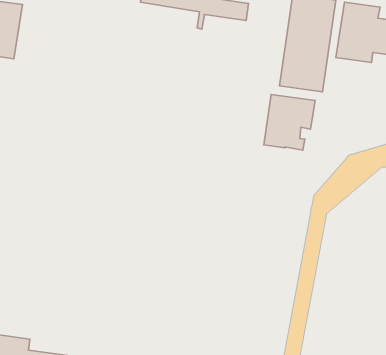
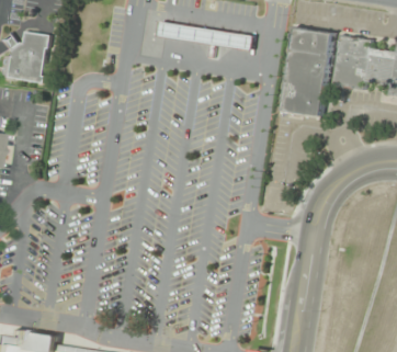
building: [264,94,315,150] -> none

